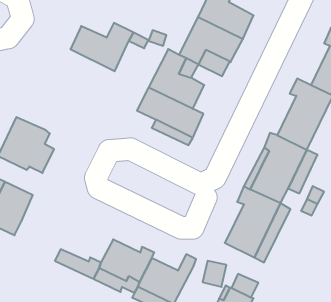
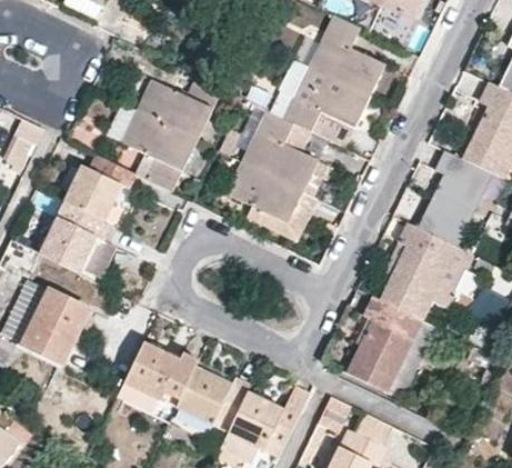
building: none -> [123,109,198,190]
building: none -> [64,155,135,219]
building: none -> [124,341,199,398]

